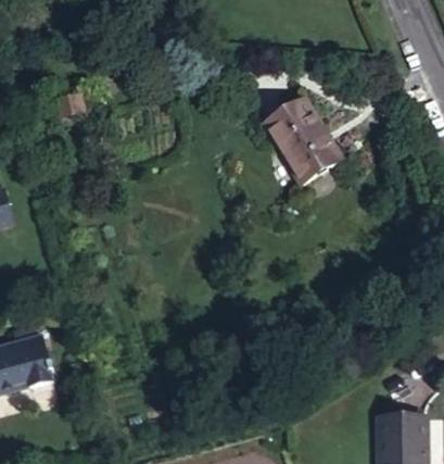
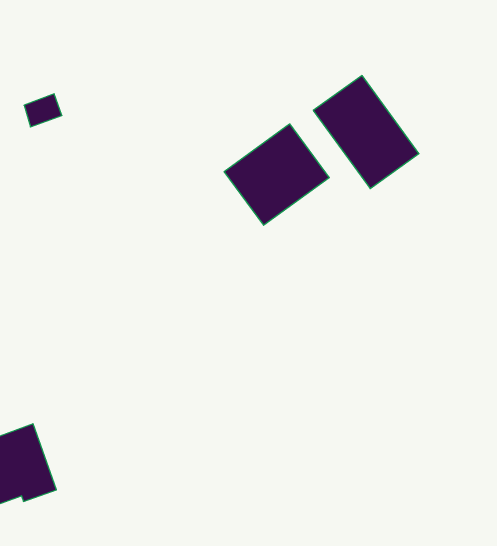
building: none -> [224,124,329,225]

